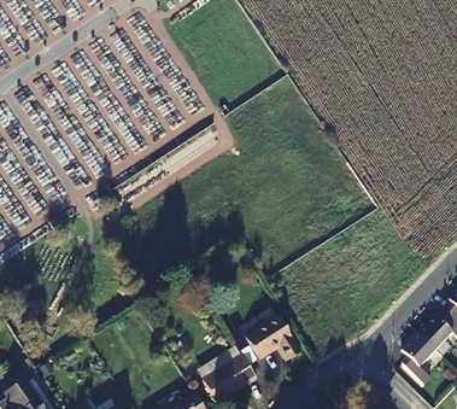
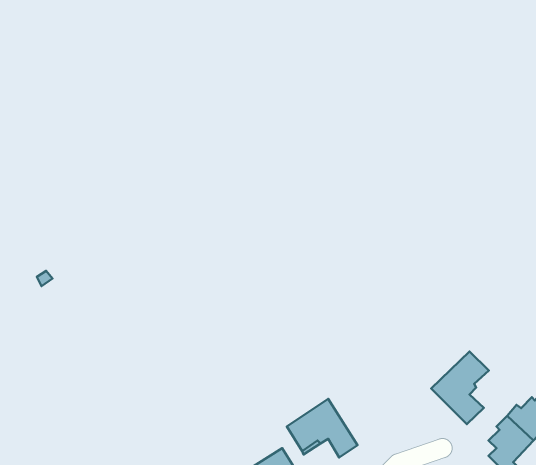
building: none -> [431,352,489,424]

